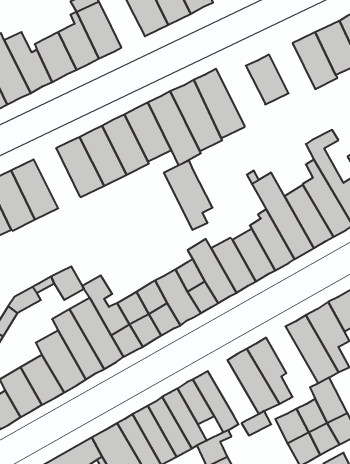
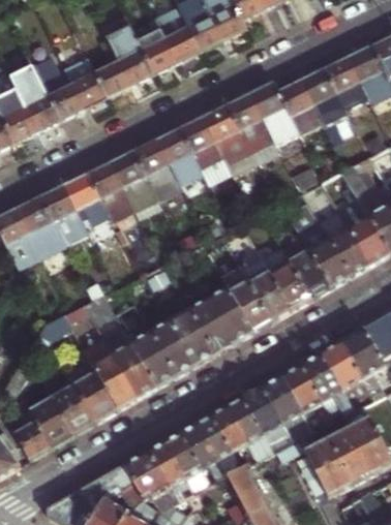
building: none -> [137,28,176,71]
building: none -> [302,67,349,126]
building: none -> [63,174,110,235]
building: [164,161,213,230] -> [248,81,298,151]
building: none -> [299,354,352,416]
building: none -> [240,389,285,444]

